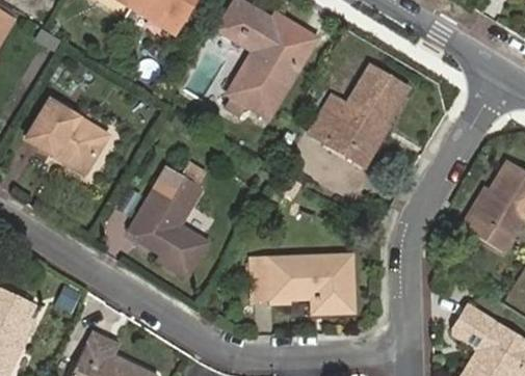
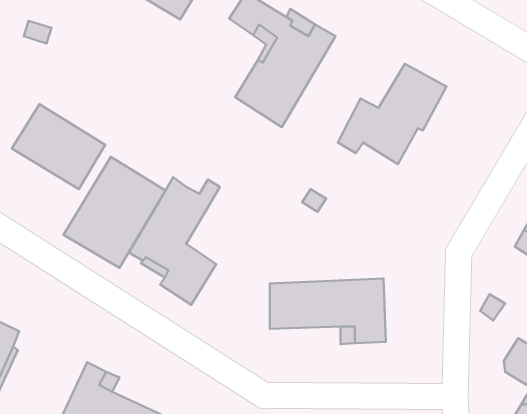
building: [326,124,390,169] -> none
building: none -> [63,157,165,268]

